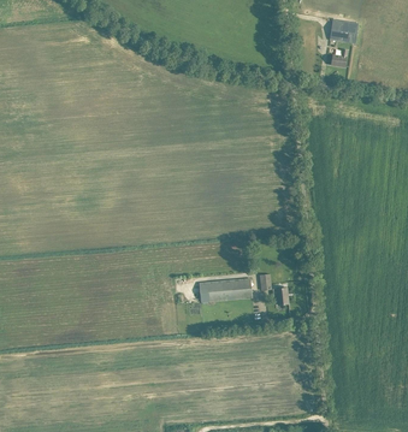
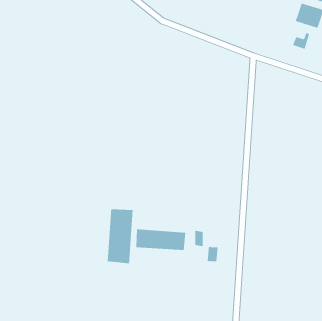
building: none -> [107,208,133,264]

